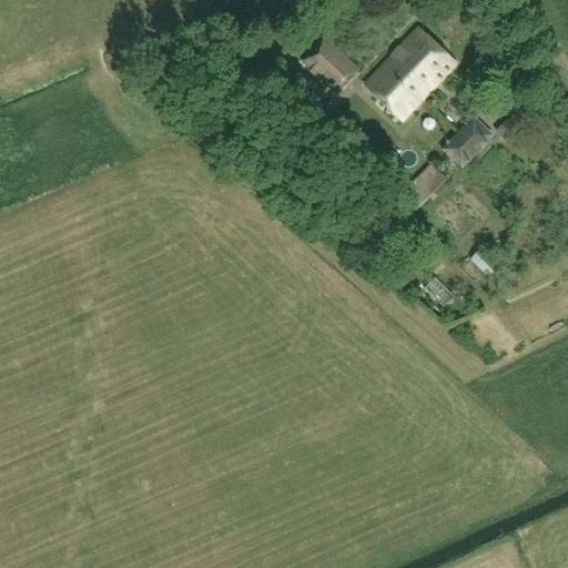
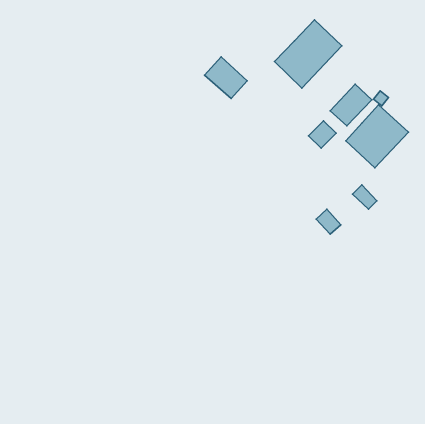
building: [302,34,358,90] -> [205,57,247,98]
building: none -> [346,105,408,168]

